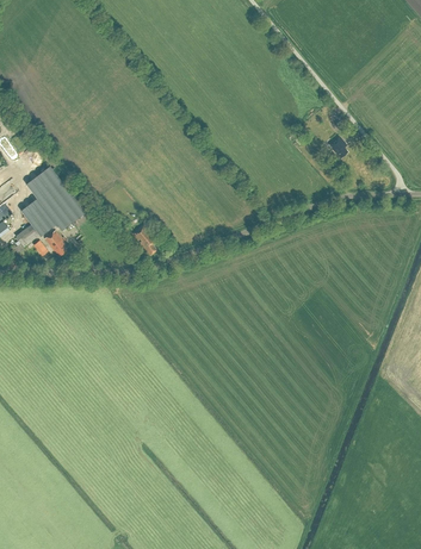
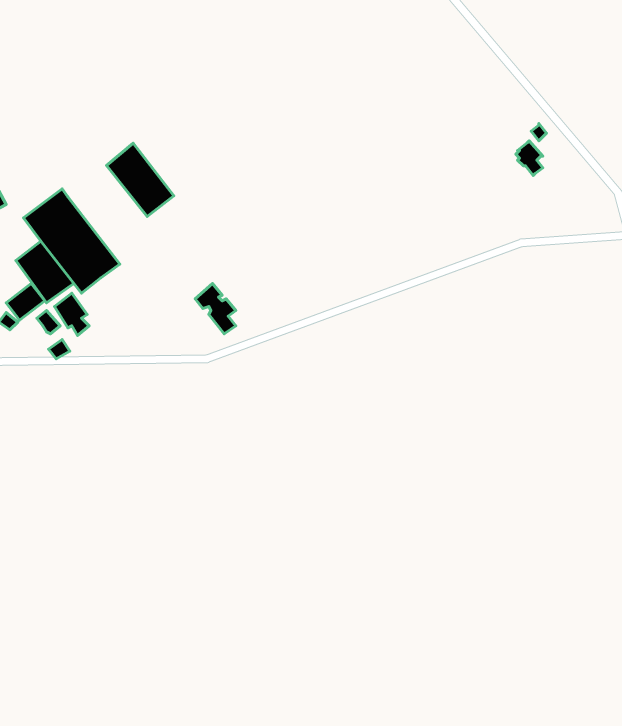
building: none -> [106,143,174,216]

